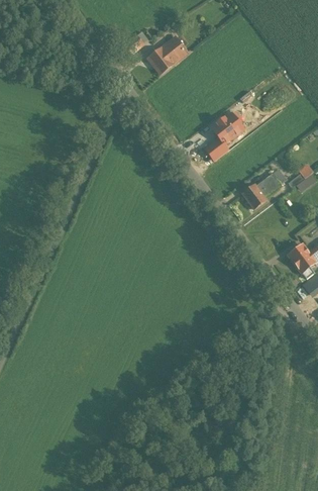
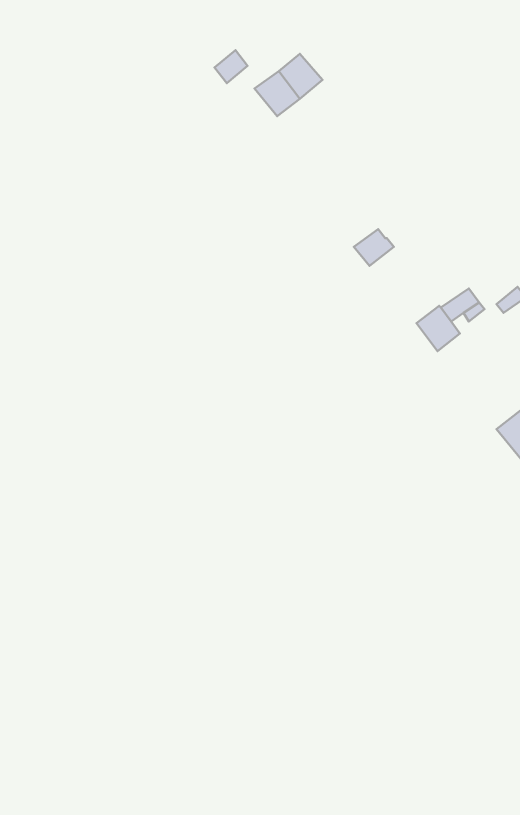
building: [212,112,244,144] -> none

